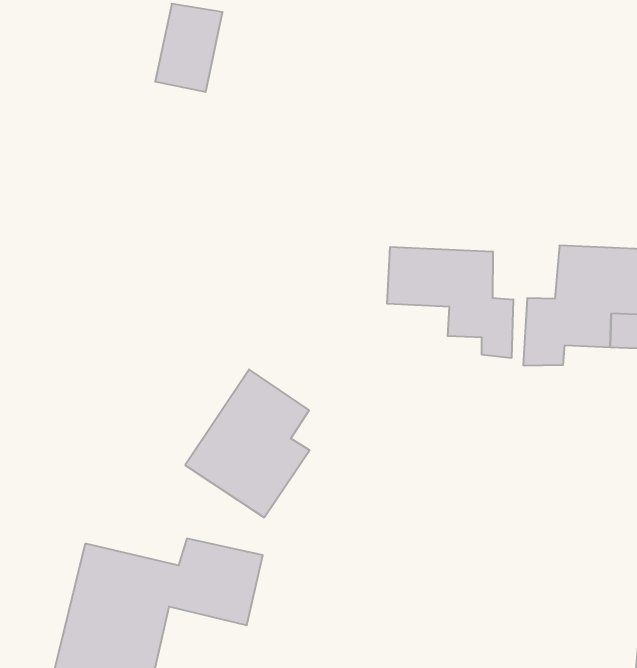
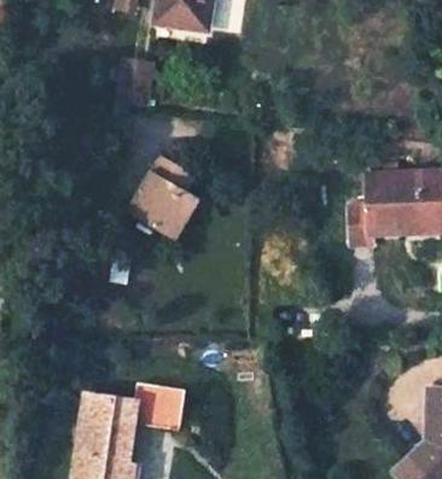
building: [387,247,513,358] -> none
building: [185,369,310,517] -> [115,153,190,243]

